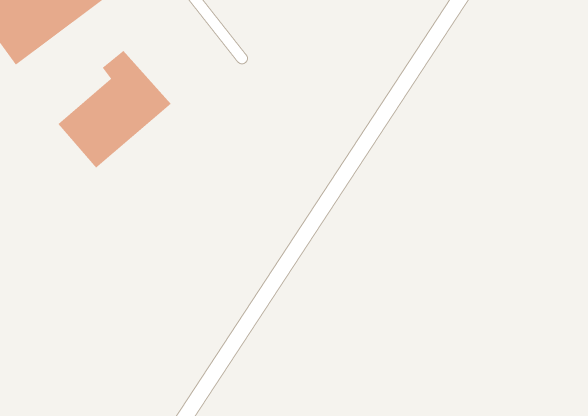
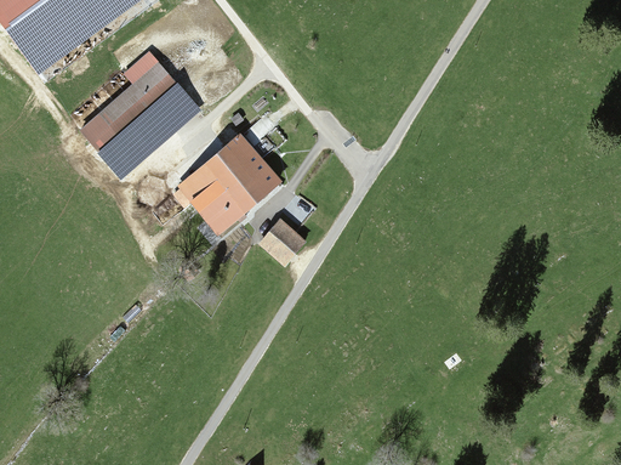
building: none -> [178,136,279,234]
building: none -> [262,220,309,266]

